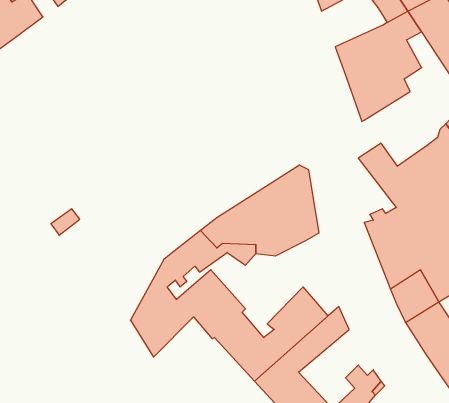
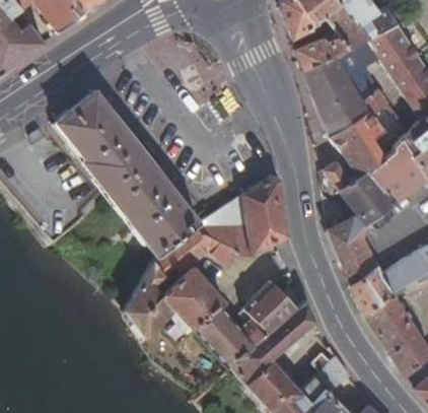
building: none -> [294,36,348,70]
building: none -> [328,88,387,176]
building: none -> [56,89,198,254]

